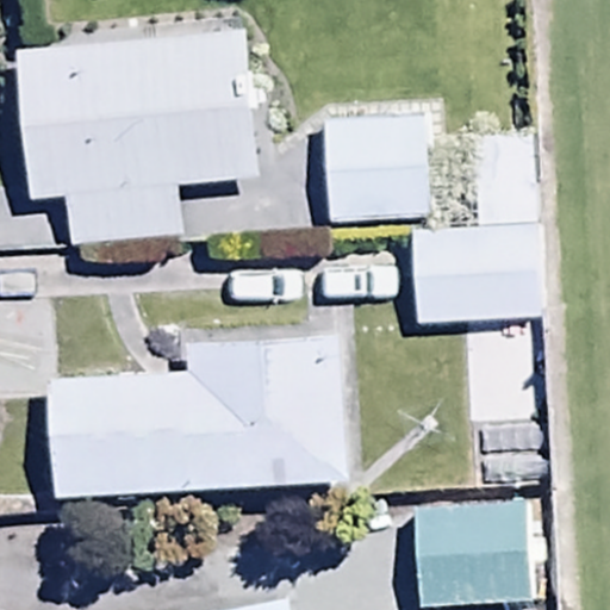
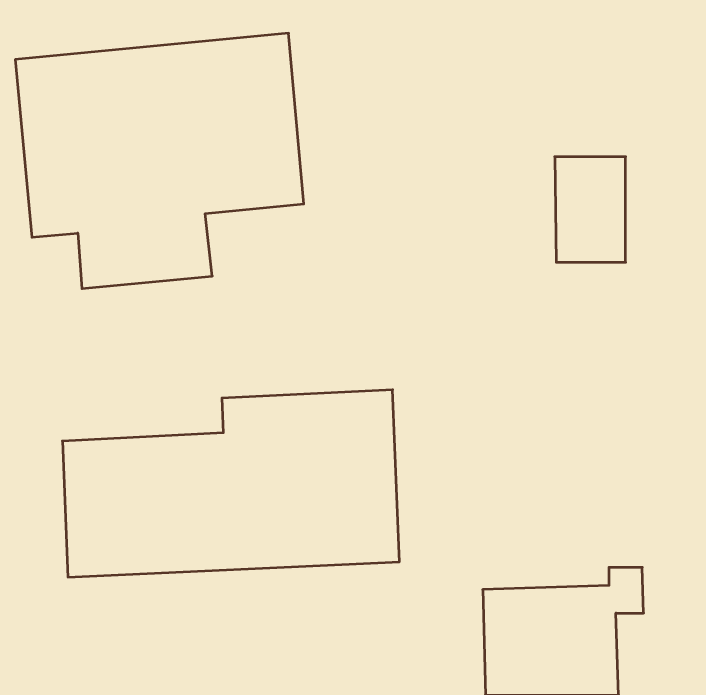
building: [324,113,428,222] -> none
building: [413,225,539,318] -> none

